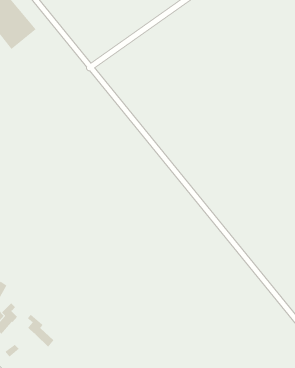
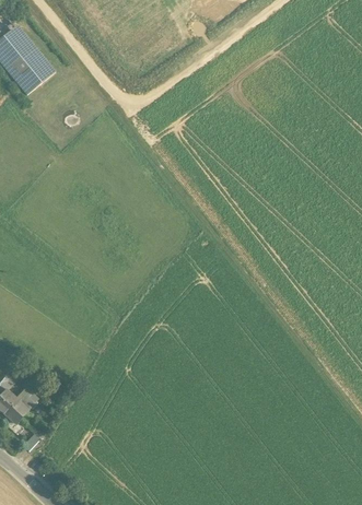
building: [27,314,54,347] -> none

